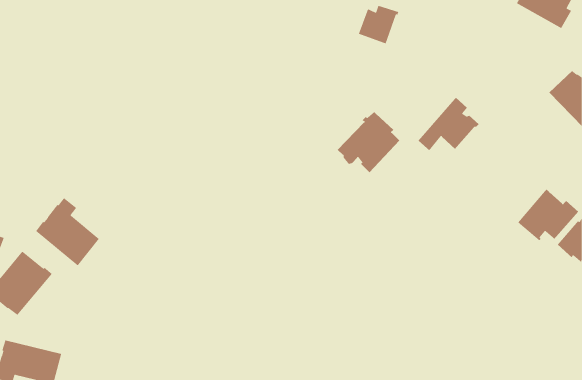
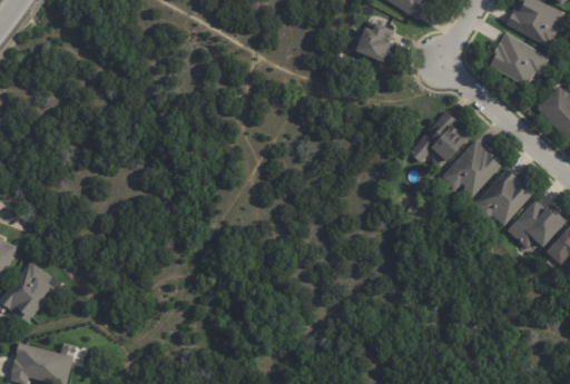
building: none -> [488,32,549,87]
building: [337,111,400,173] -> [441,139,501,198]
building: none -> [472,169,533,226]
building: [35,197,100,266] -> none

